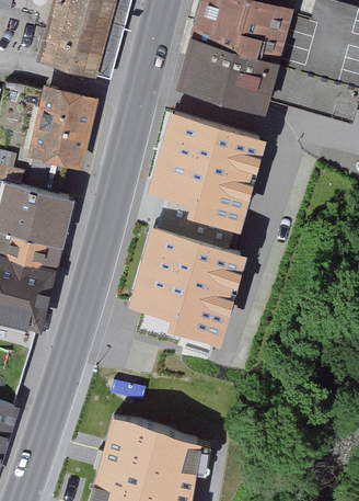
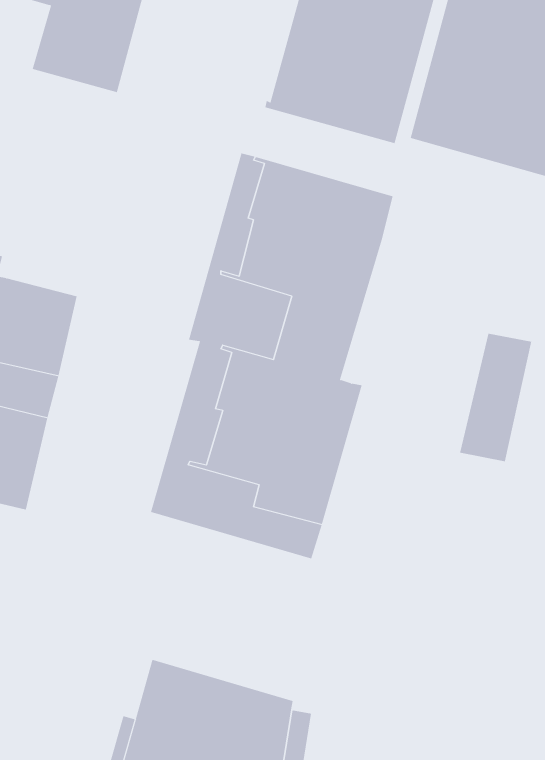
building: [38,90,95,161] -> none
building: none -> [460,333,532,462]

